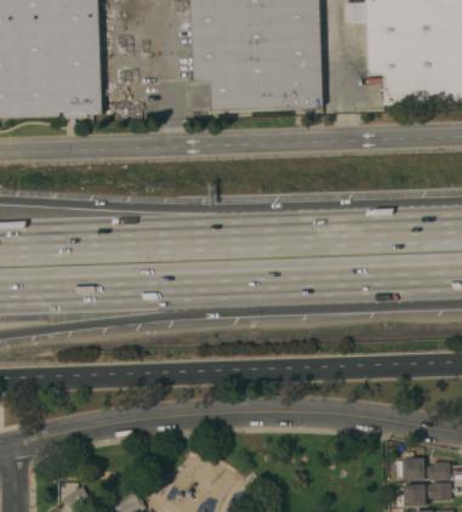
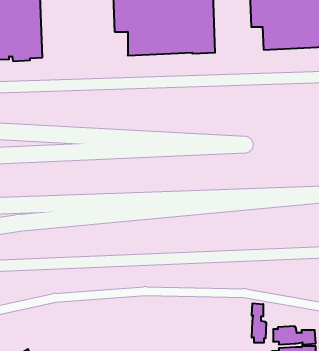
building: none -> [252,303,266,343]

